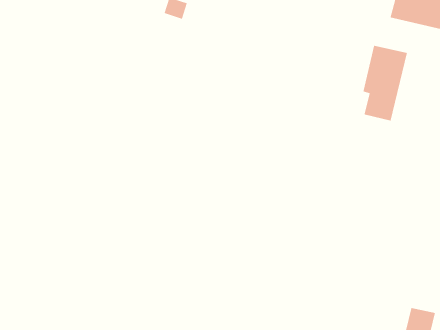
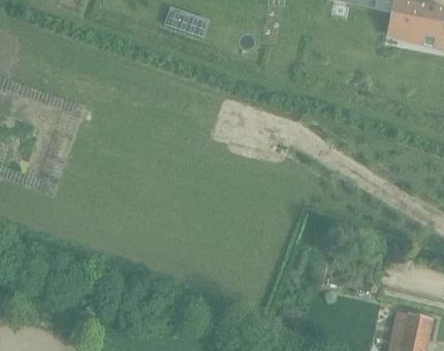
building: [362,45,408,121] -> none

